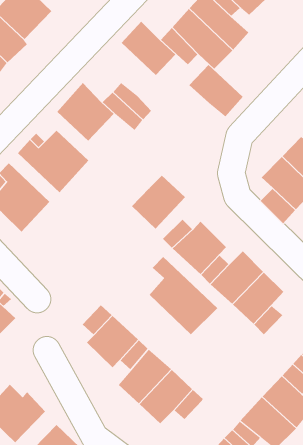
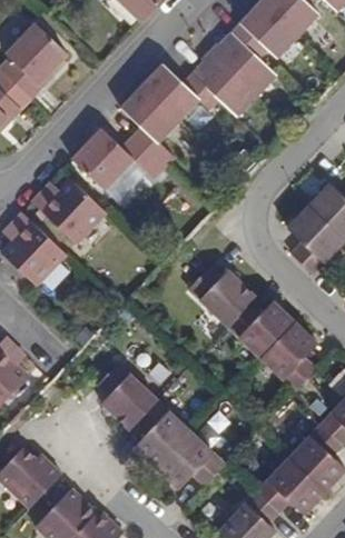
building: [188,64,243,117] -> [119,87,177,142]
building: [131,175,186,230] -> none
building: [149,256,218,335] -> none

